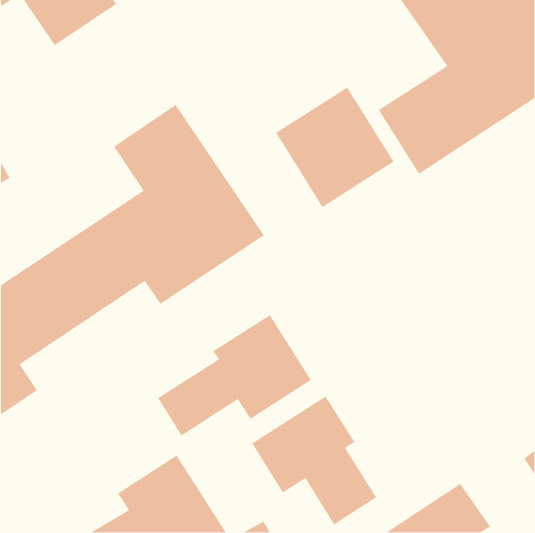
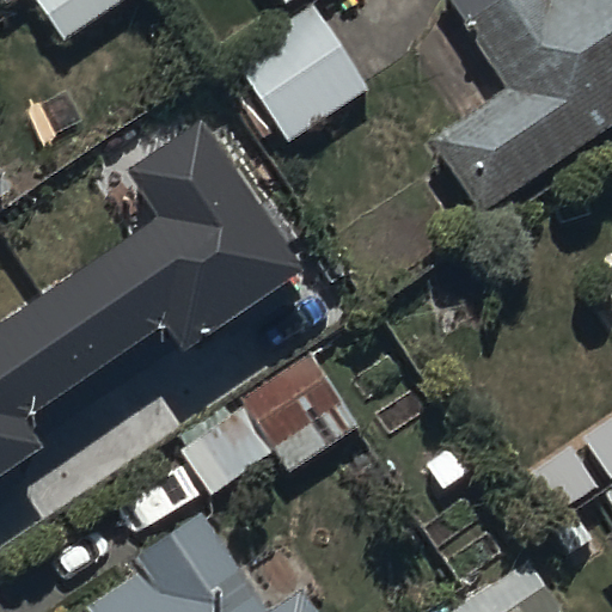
building: [275,87,394,208] -> [231,11,367,149]
building: [251,395,377,525] -> none

